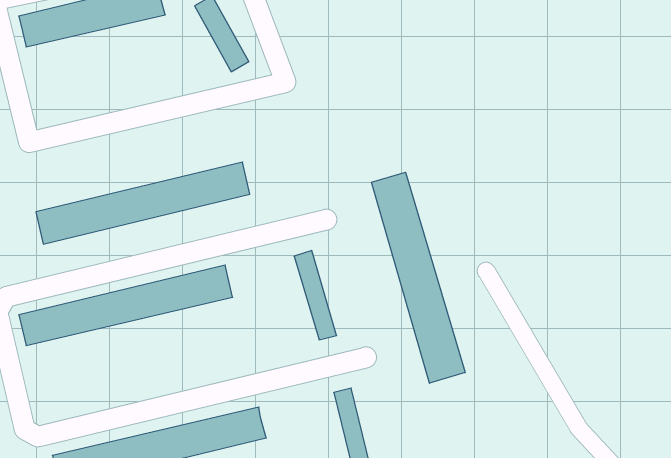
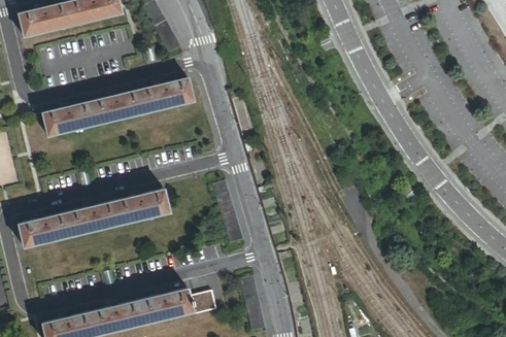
building: [36,162,250,244] -> [42,77,193,135]
building: [371,172,465,383] -> none
building: none -> [189,290,216,313]

